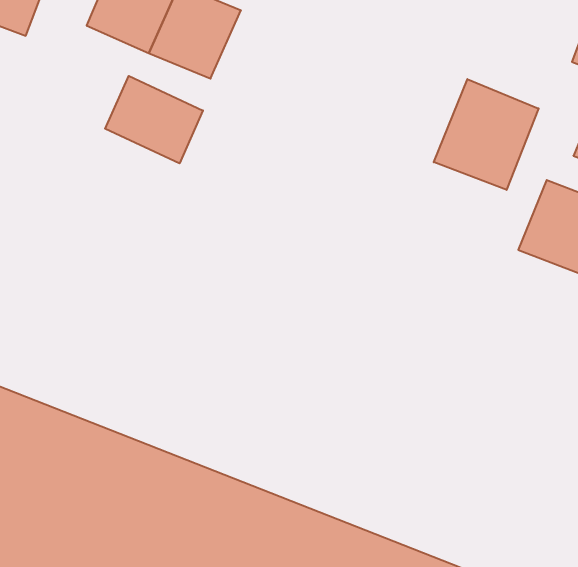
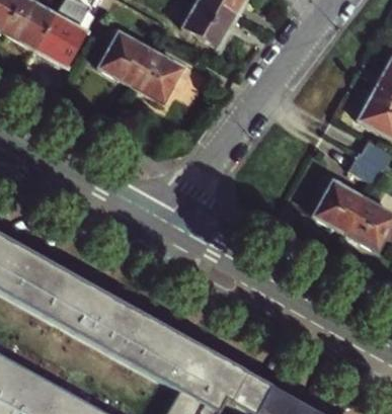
building: [105,76,203,163] -> none
building: [434,79,539,190] -> none

